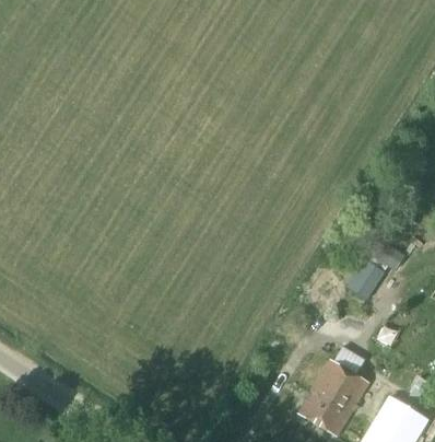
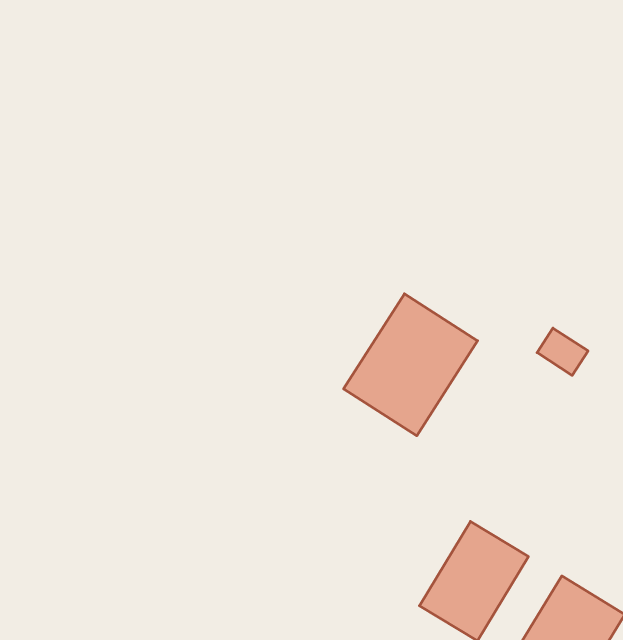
building: none -> [344,294,478,436]
building: [346,258,385,299] -> none

